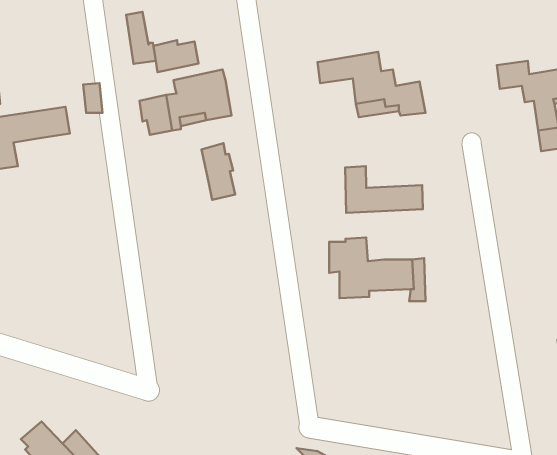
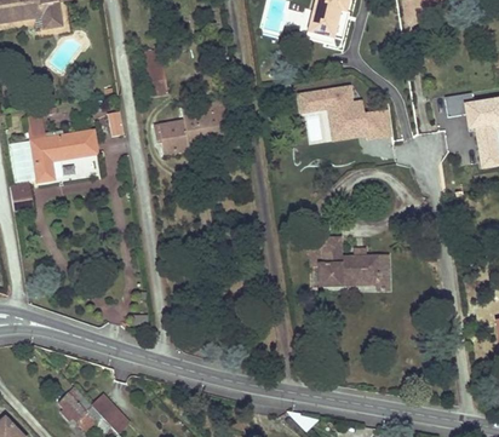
building: [154,40,198,72] -> none
building: [201,143,235,200] -> none
building: [345,166,423,213] -> none

